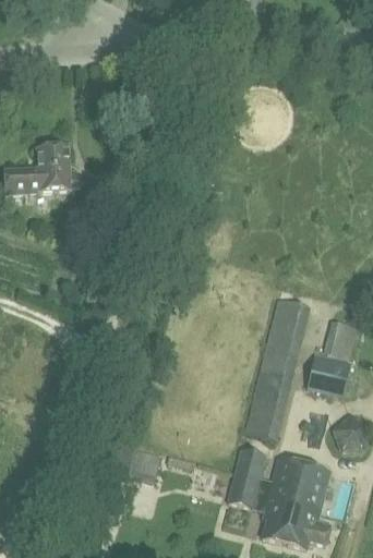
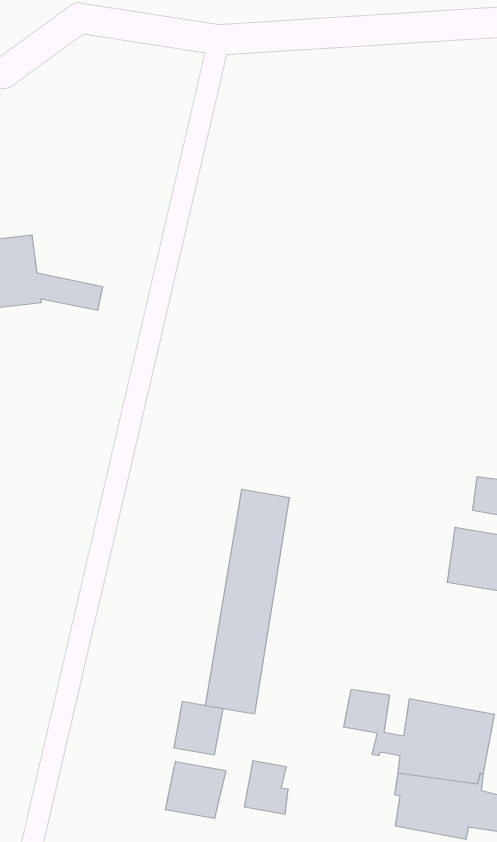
building: [245,299,309,439] -> [205,489,290,714]
building: [228,471,256,506] -> [244,761,288,814]
building: none -> [165,761,226,819]

